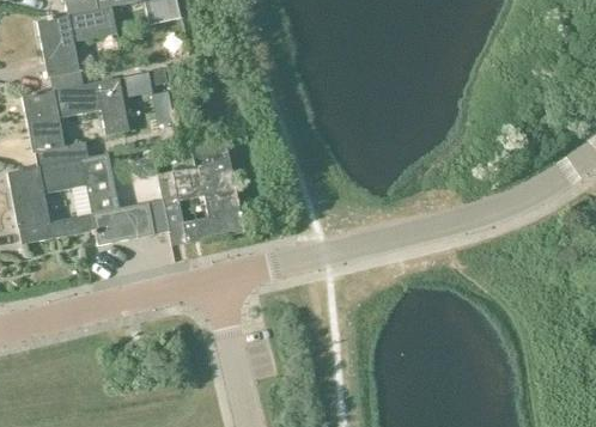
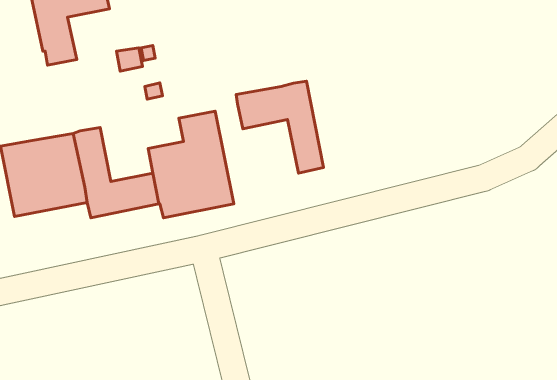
building: [22,77,128,166] -> none
building: none -> [236,81,323,173]

